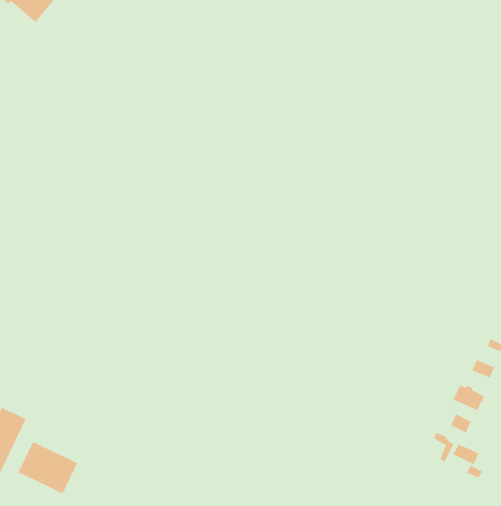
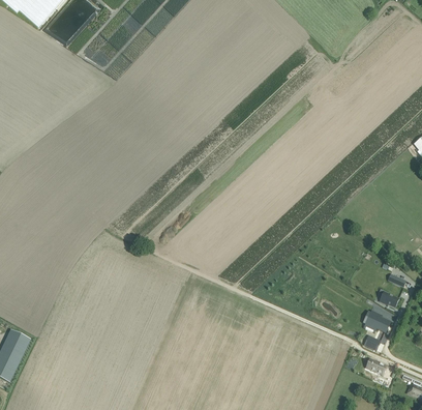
building: [18,441,78,494] -> none

